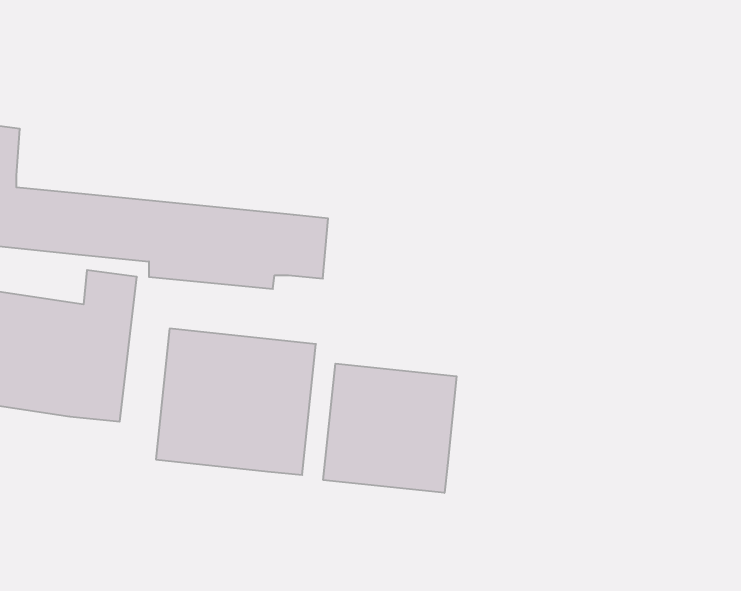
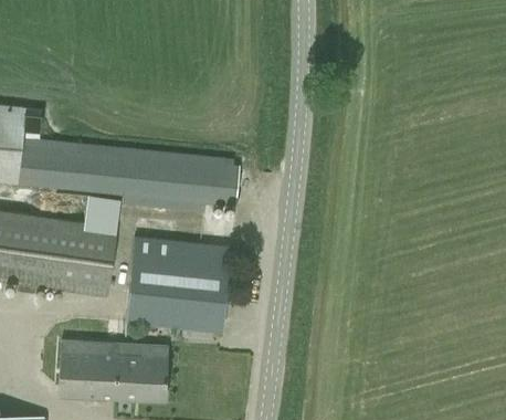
building: [323,364,457,493] -> none
building: none -> [57,339,166,400]

